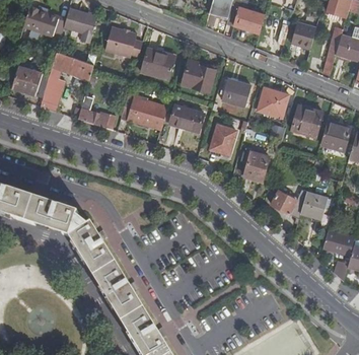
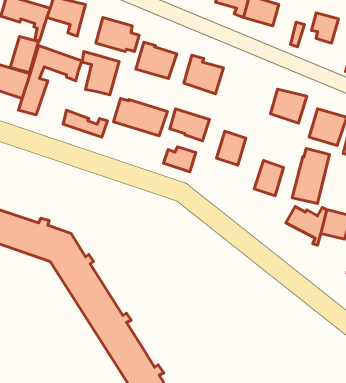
building: none -> [10,36,39,72]
building: none -> [82,52,119,95]
building: [221,78,252,106] -> none
building: none -> [164,147,196,172]
building: none -> [292,149,330,204]

